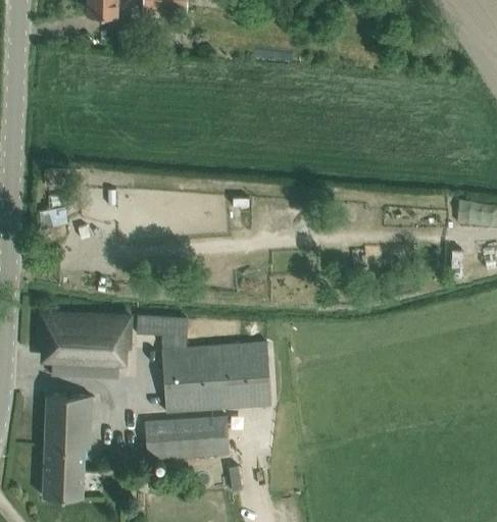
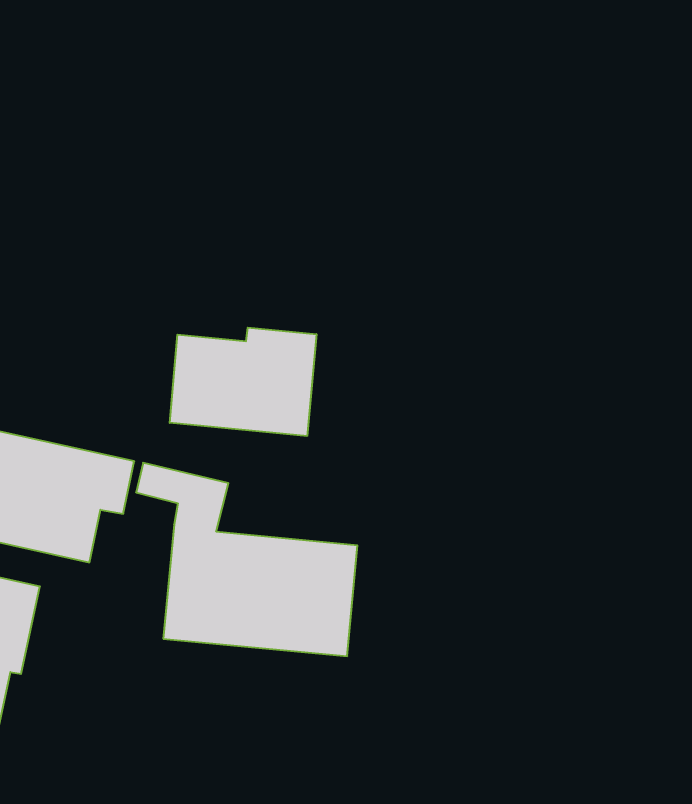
building: none -> [170,328,316,436]
building: [145,415,230,458] -> none

